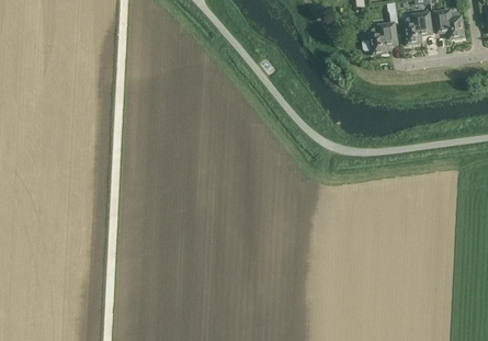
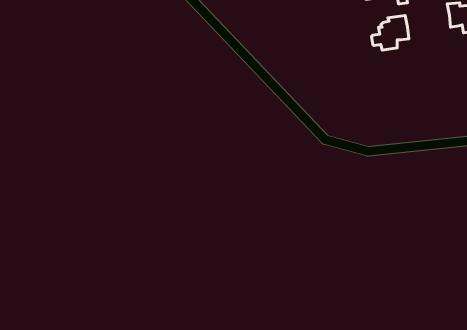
building: [404,11,432,43] -> none

